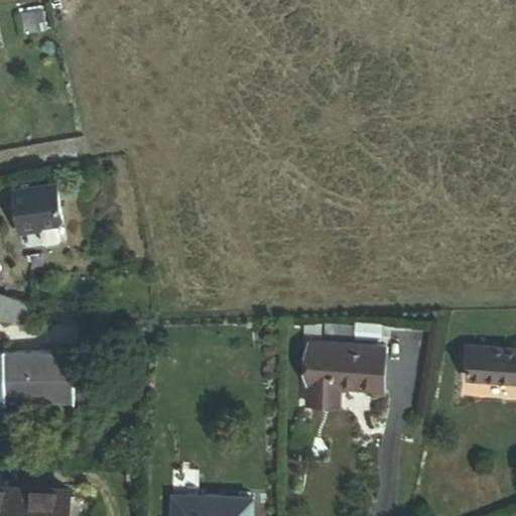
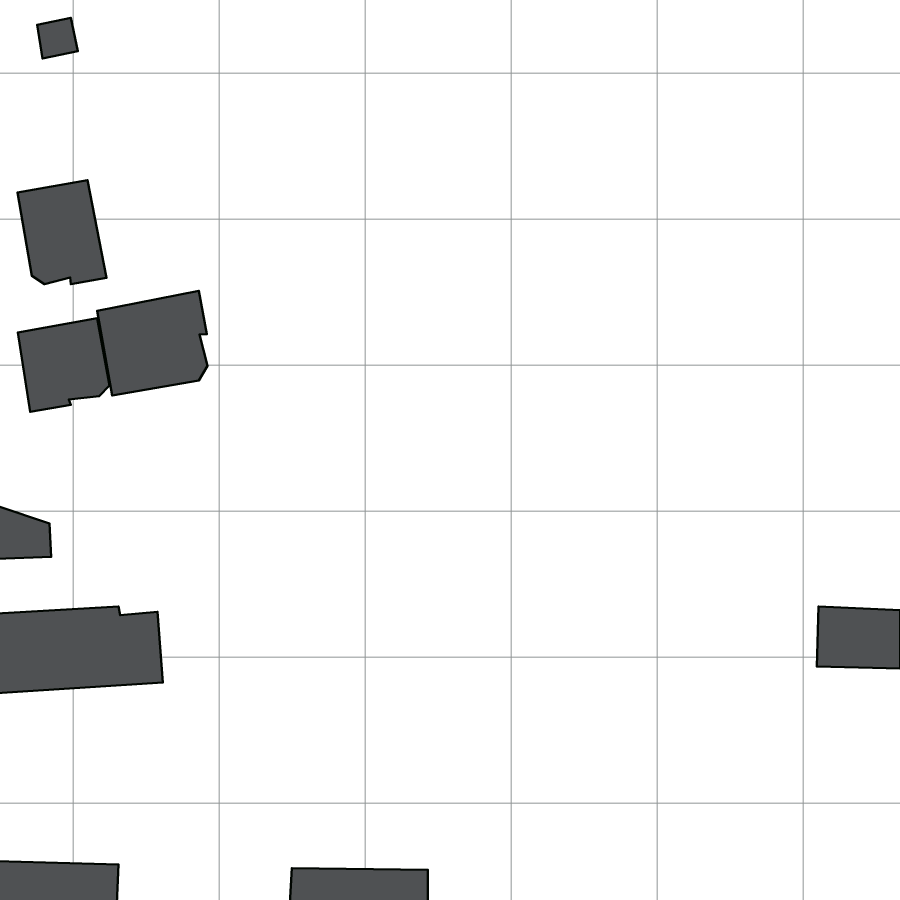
building: none -> [18,180,107,284]
building: none -> [97,291,207,395]
building: [306,343,383,405] -> none

